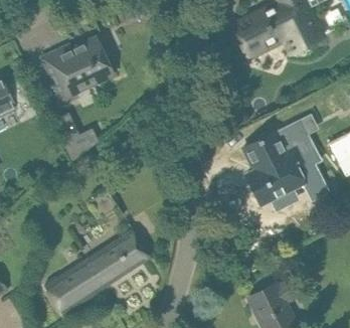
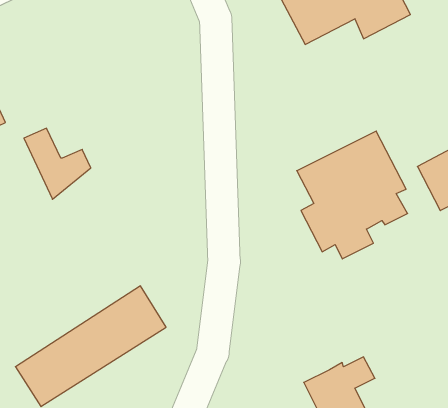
building: [45,36,114,105] -> none

